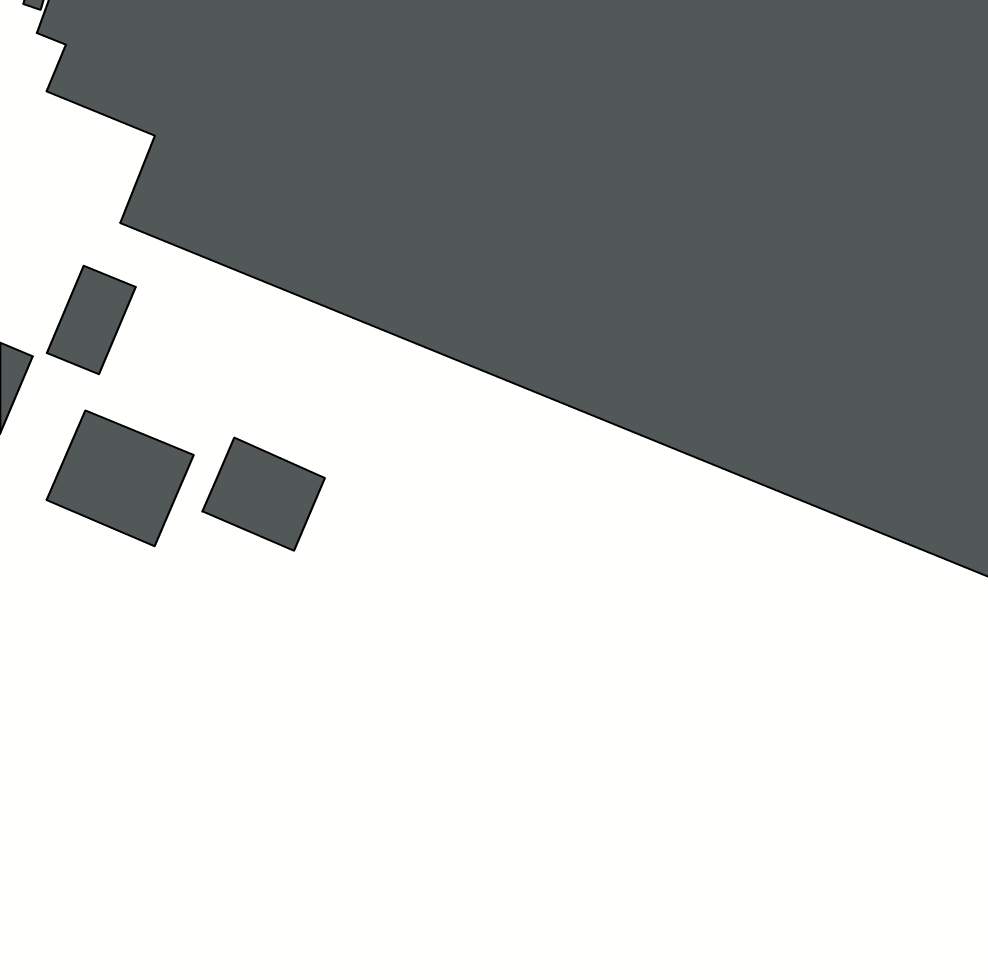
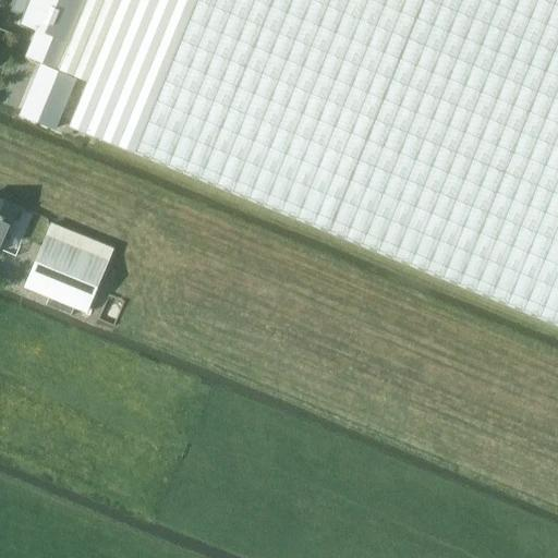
building: [47,266,136,374] -> [27,62,77,123]
building: [202,438,325,551] -> none

